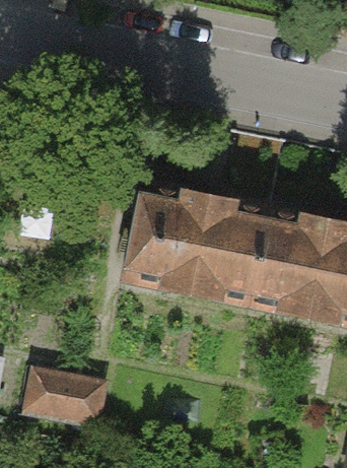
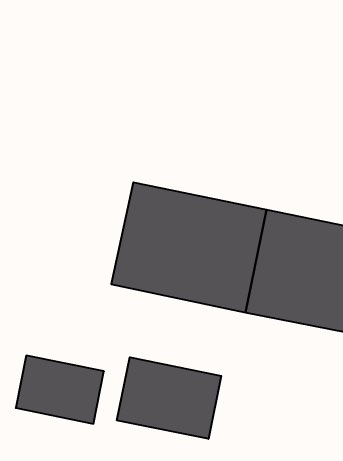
building: none -> [117,357,221,439]

